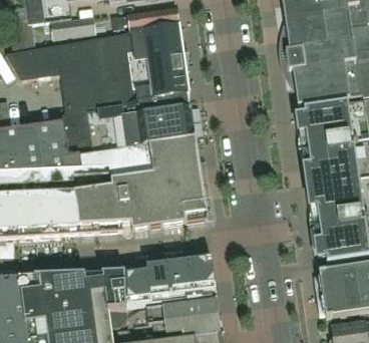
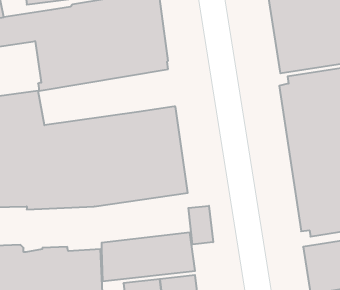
building: [63,100,195,154] -> none
building: none -> [188,206,213,244]

